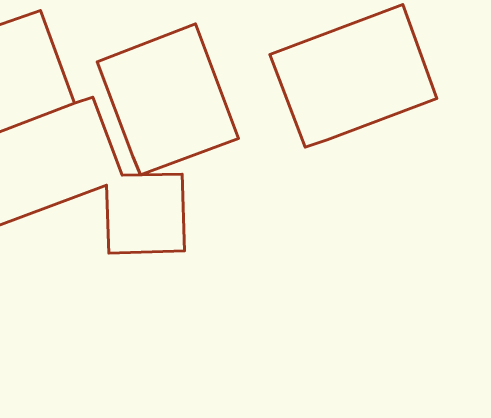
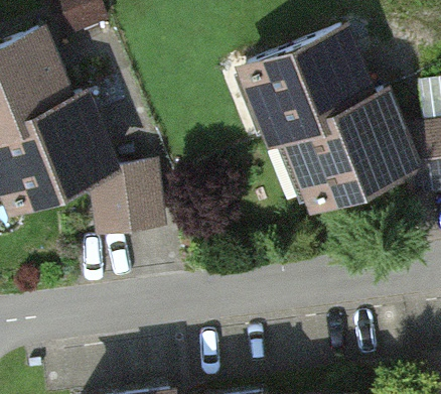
building: [97,24,239,175] -> none
building: none -> [281,95,412,202]

